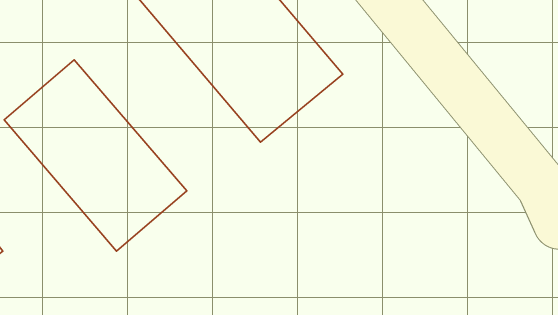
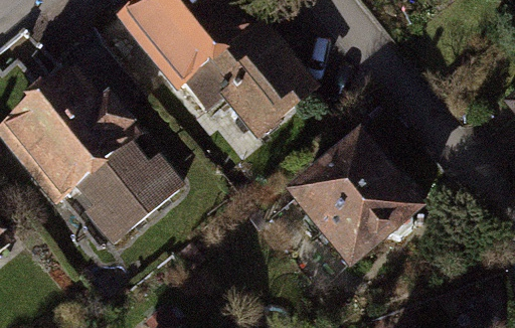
building: none -> [292,137,425,272]

